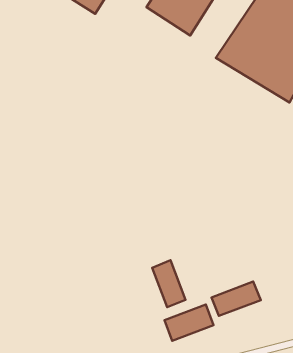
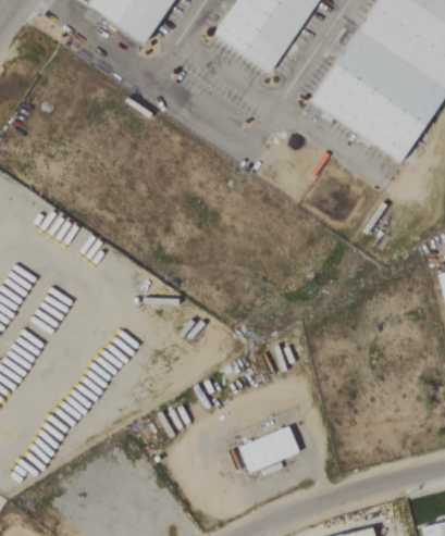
building: [152,260,186,307] -> none
building: [211,282,261,316] -> none

